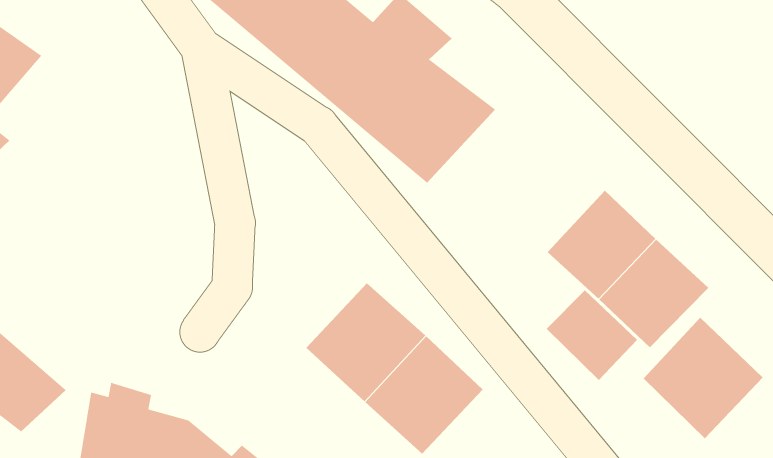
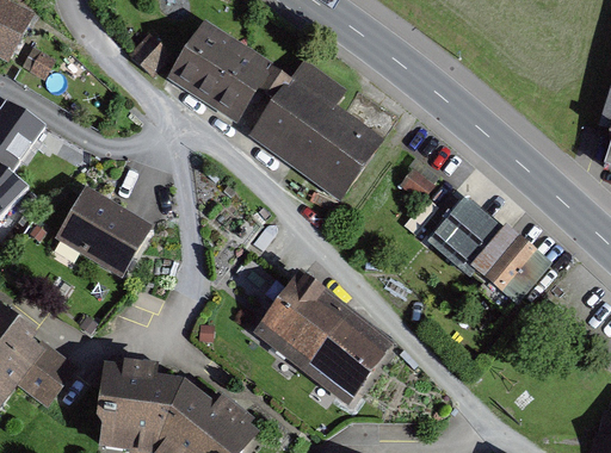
building: none -> [54,188,153,275]
building: [546,289,638,381] -> none
building: [643,317,764,439] -> none

